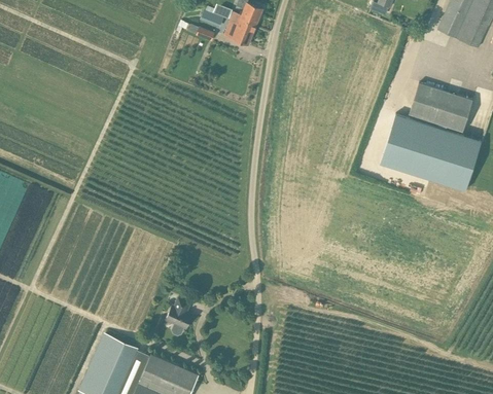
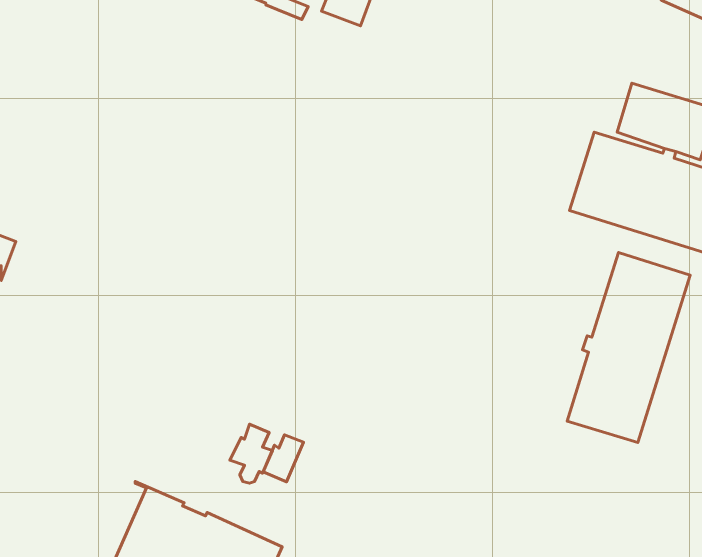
building: none -> [567,253,690,443]
building: none -> [263,435,303,482]

